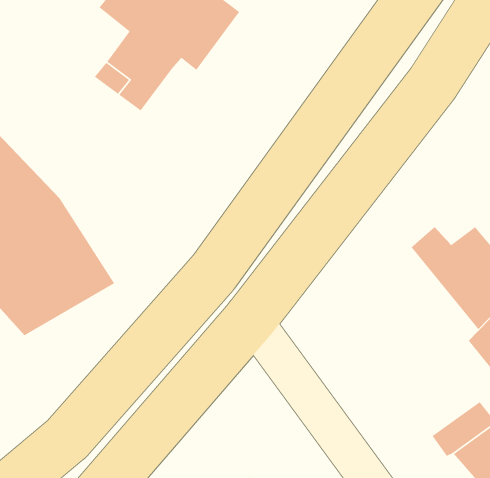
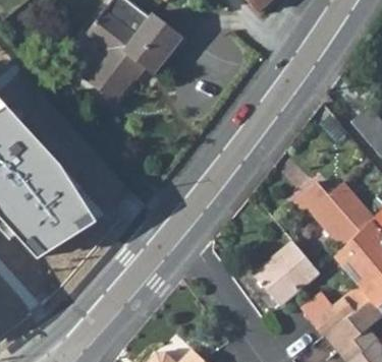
building: none -> [252,241,317,304]

